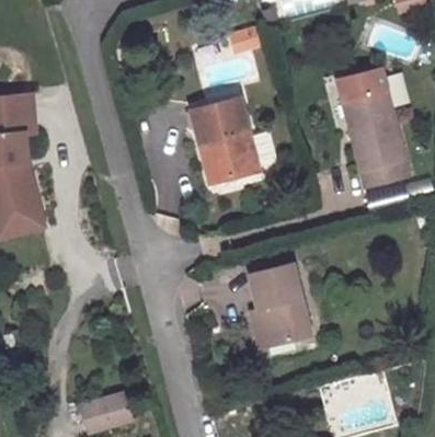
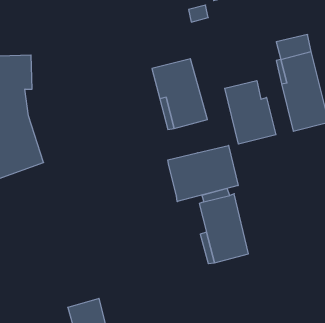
building: none -> [225,81,276,144]
building: none -> [168,145,238,202]

